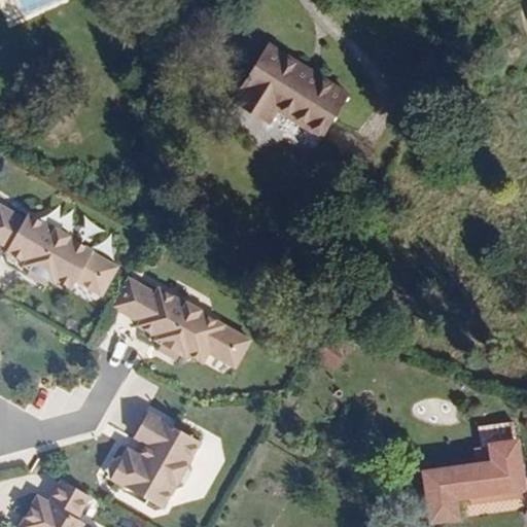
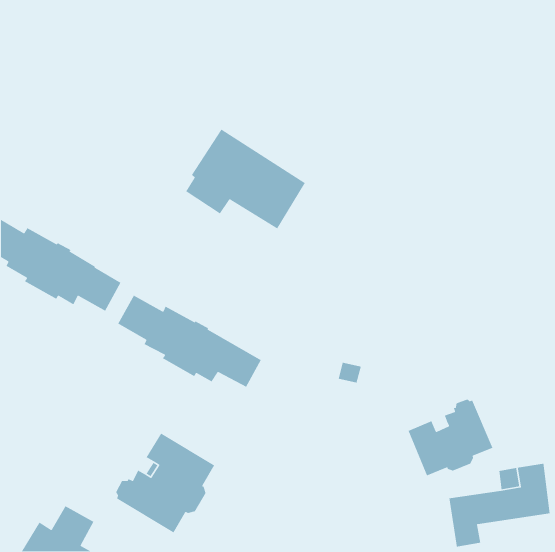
building: [235,41,349,137] -> [185,129,306,230]
building: none -> [408,398,493,476]

